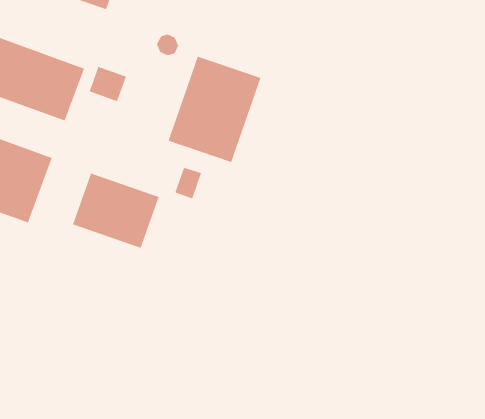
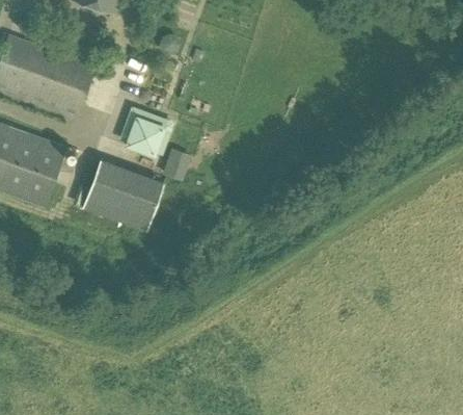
building: [168,56,261,163] -> none
building: [89,66,127,102] -> [126,119,160,151]

